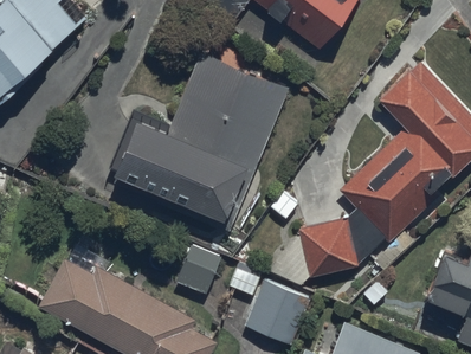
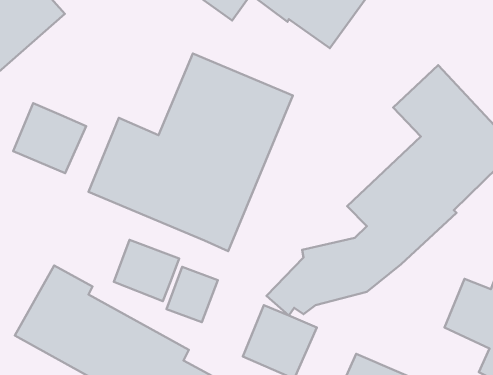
building: none -> [13,103,86,173]
building: none -> [114,240,179,301]

